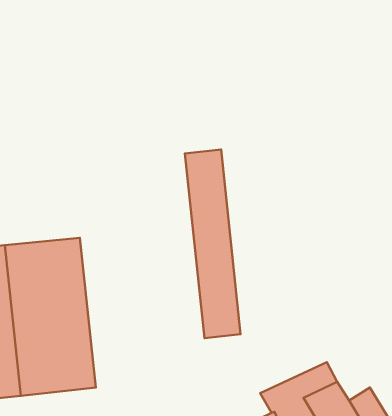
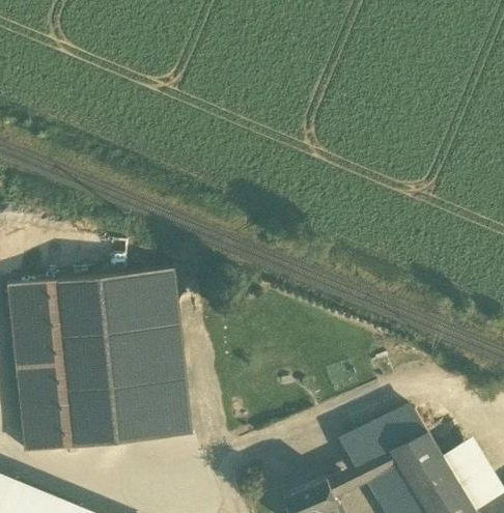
building: [185,150,241,338] -> none
building: none -> [141,268,192,438]

